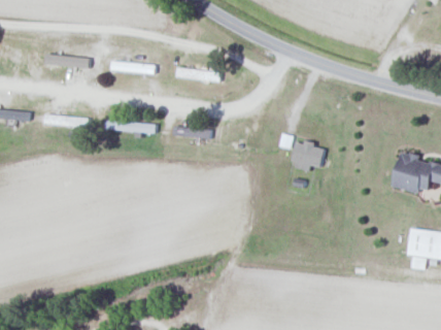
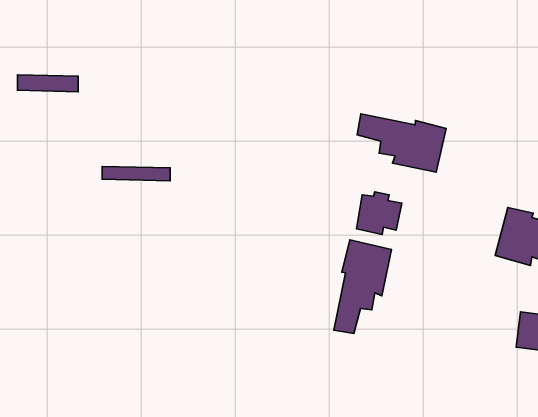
building: none -> [357,114,446,172]
building: none -> [334,240,392,334]

